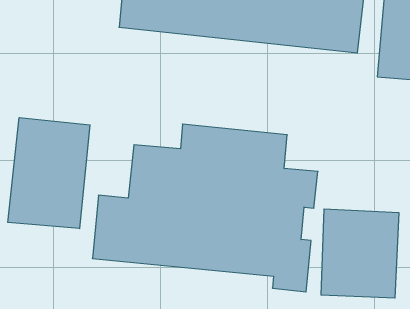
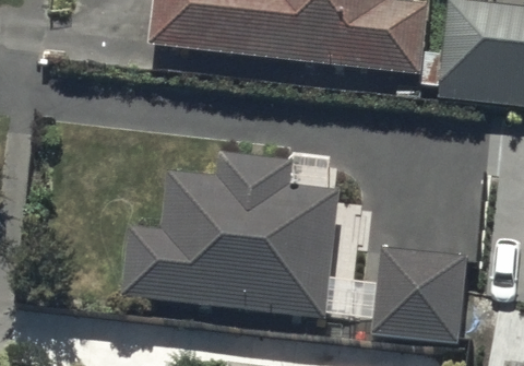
building: [8,118,90,229] -> none

